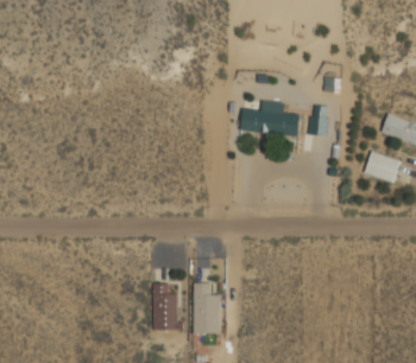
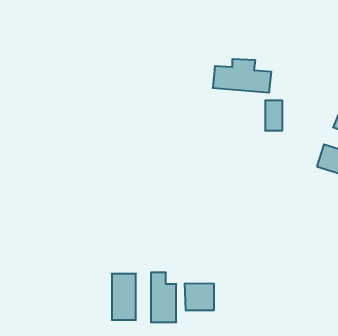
building: [241,101,302,135] -> [213,59,271,93]
building: none -> [185,283,214,311]

